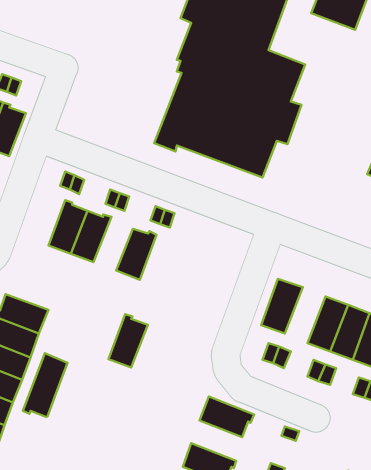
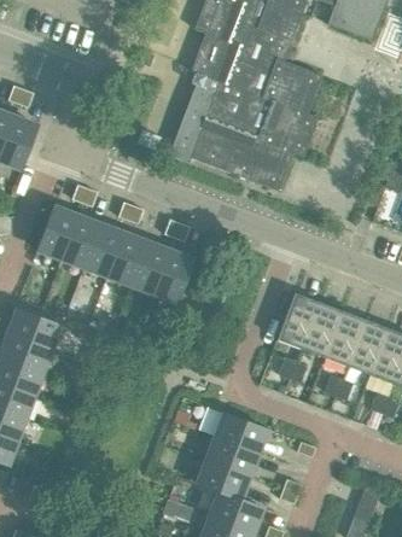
building: none -> [36,205,77,258]
building: none -> [106,229,146,284]
building: none -> [301,300,342,357]
building: [109,314,148,368] -> [153,247,193,302]
building: [23,353,68,417] -> none
building: none -> [205,436,257,477]

